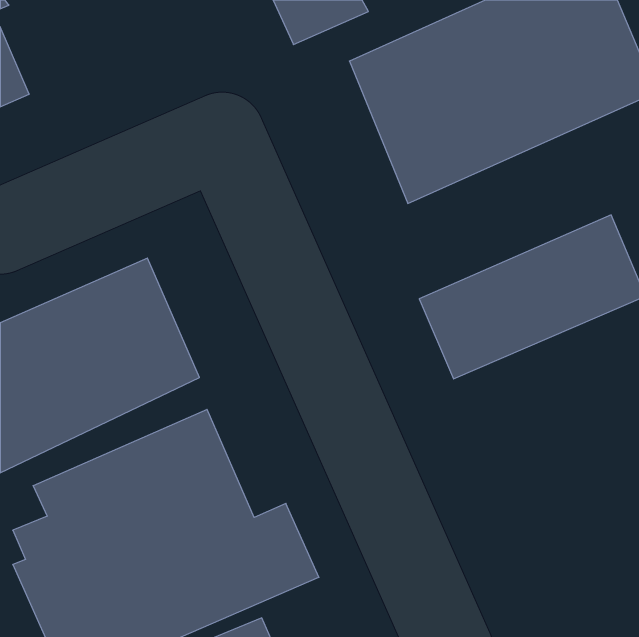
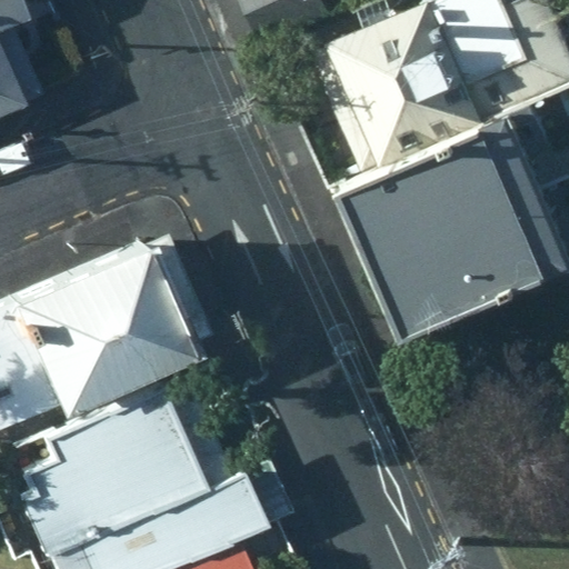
building: none -> [346,129,543,272]

